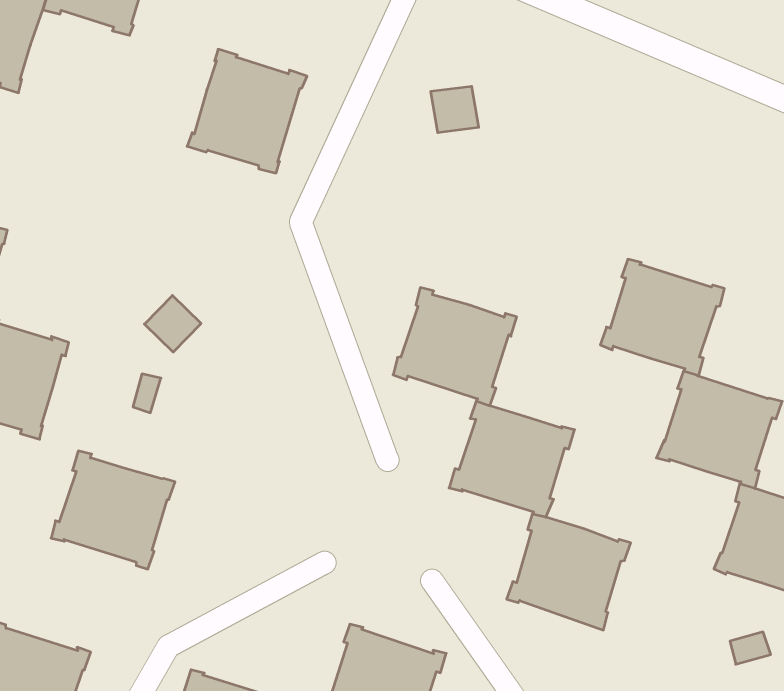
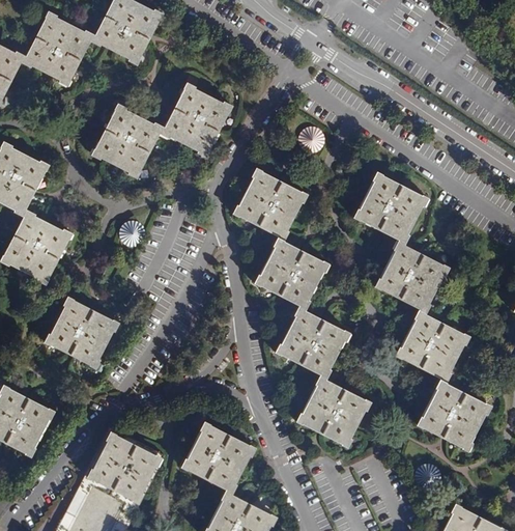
building: none -> [91,104,164,178]
building: none -> [353,171,429,244]
building: none -> [233,167,309,240]

